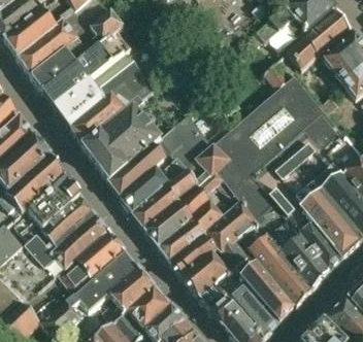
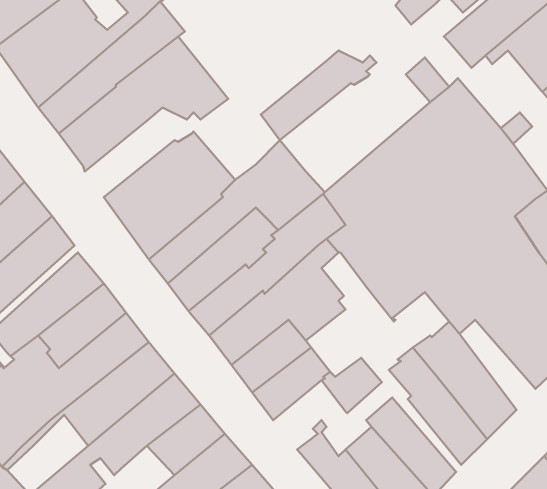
building: [71,92,140,145] -> [261,50,377,140]
building: [203,200,258,252] -> none
building: [295,218,340,272] -> none
building: [184,254,227,296] -> none

